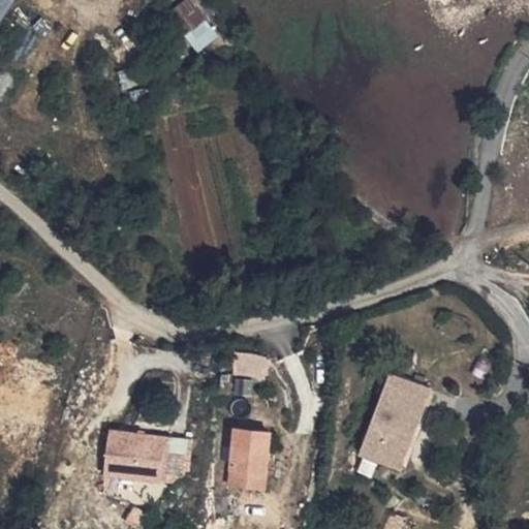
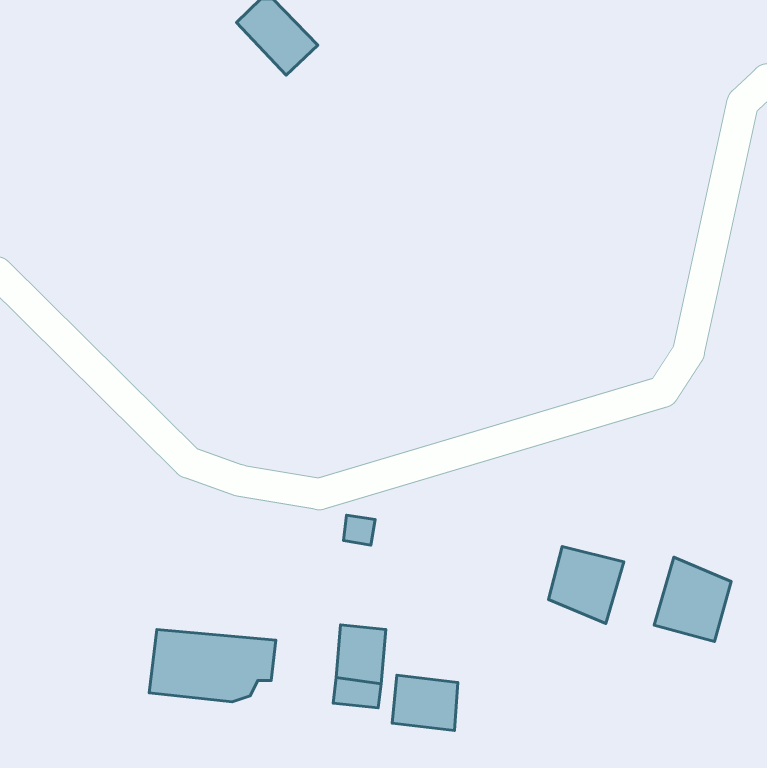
building: [363,411,415,469] -> [654,557,731,642]
building: none -> [392,675,458,731]

